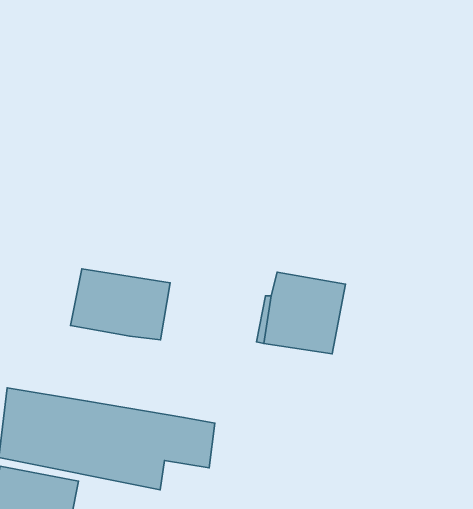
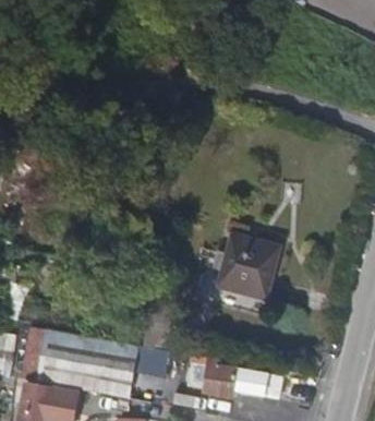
building: [70,269,170,340] -> none
building: none -> [204,365,273,397]

